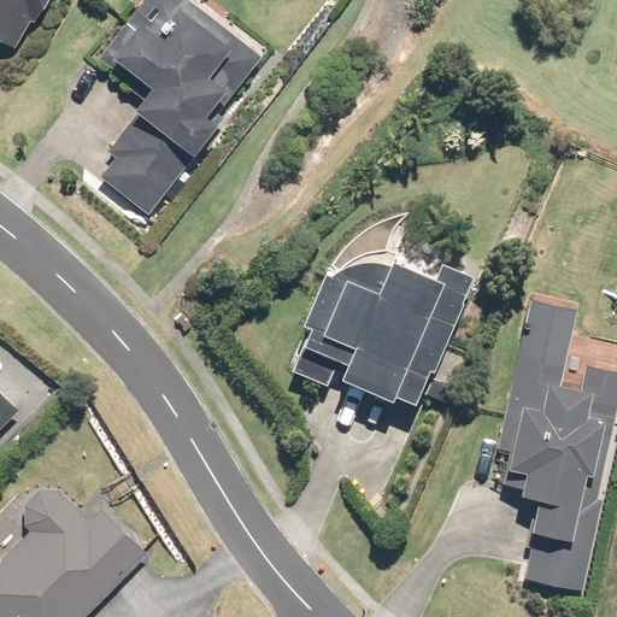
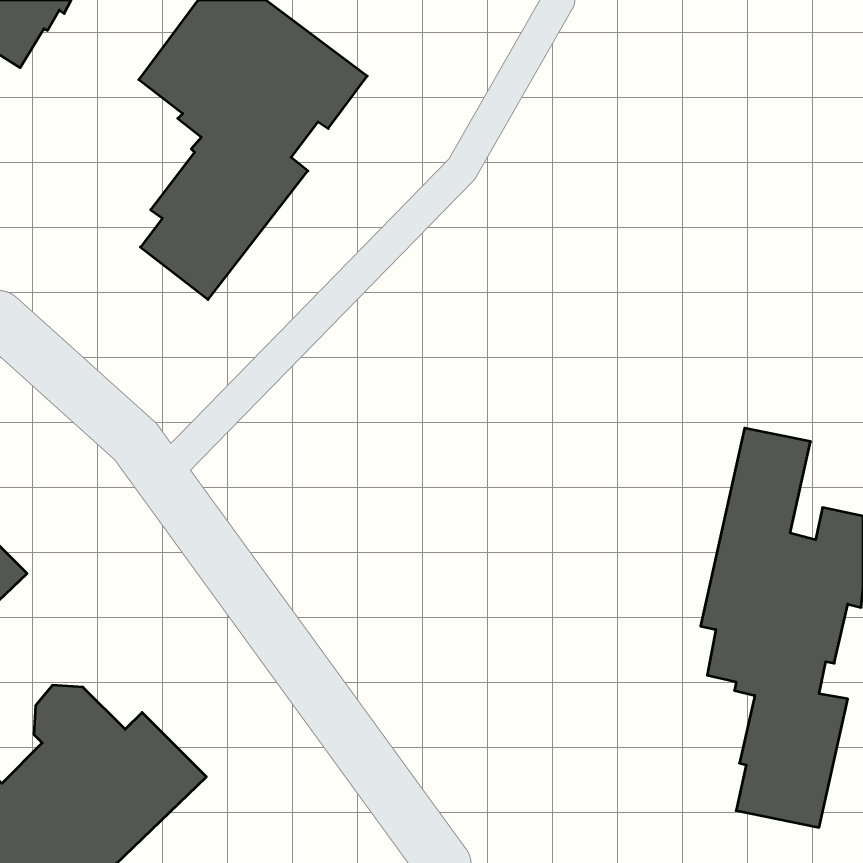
building: [292,257,474,402] -> none

